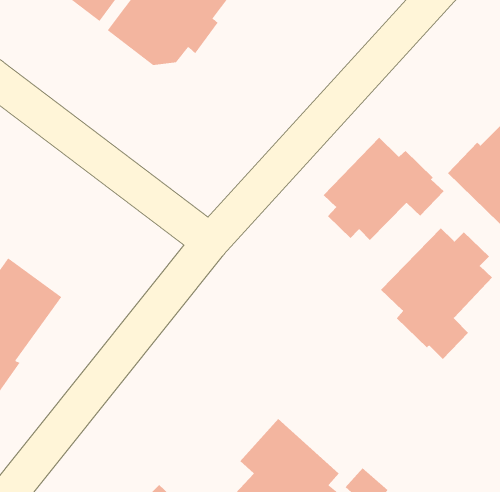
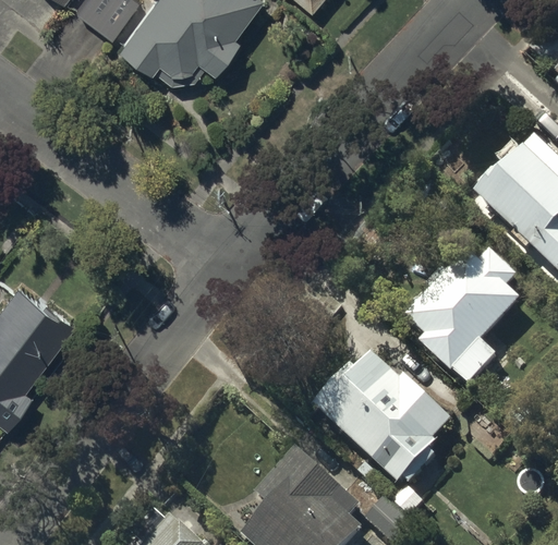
building: [323,137,444,241] -> none
building: none -> [315,354,453,500]

